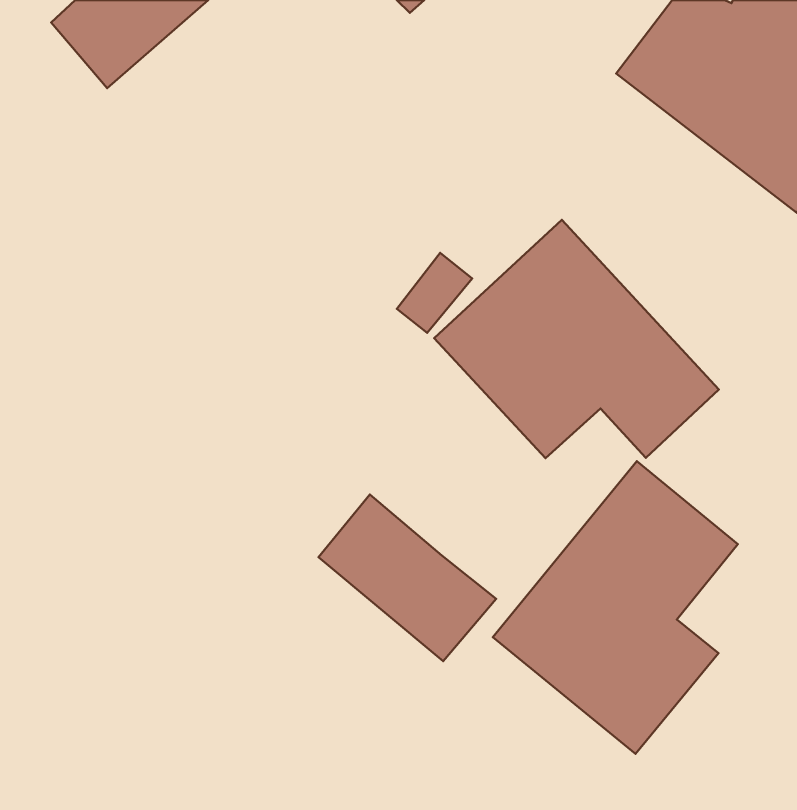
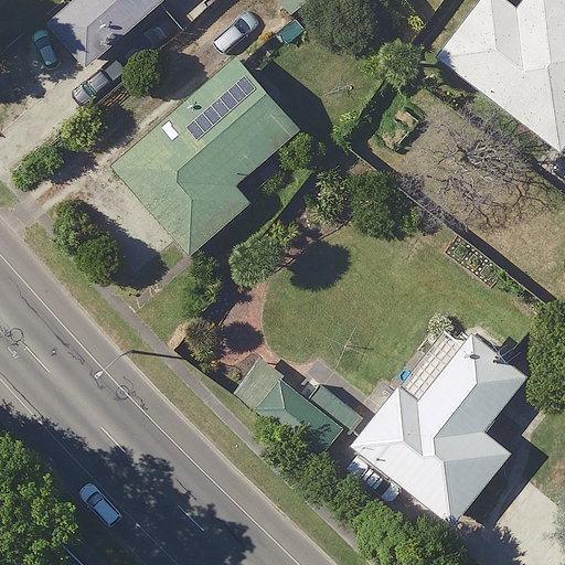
building: none -> [113,44,298,254]
building: [434,220,719,458] -> none

